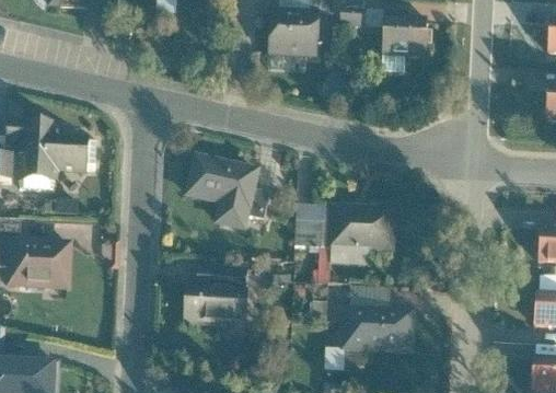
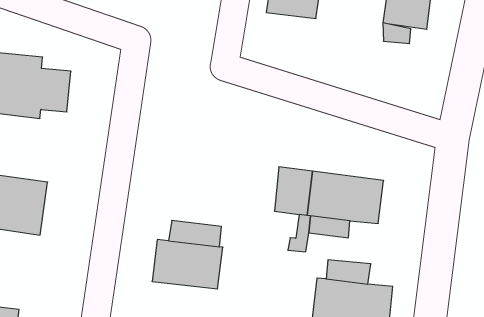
building: [185,152,270,232] -> none

